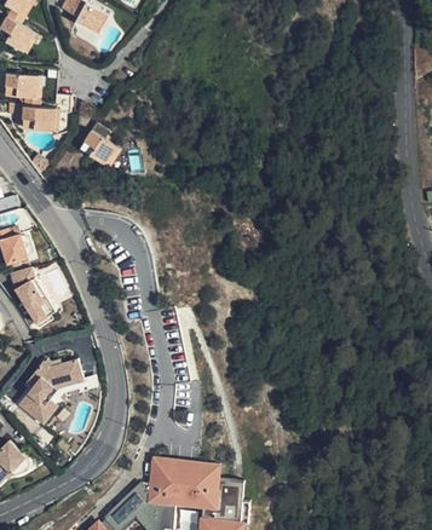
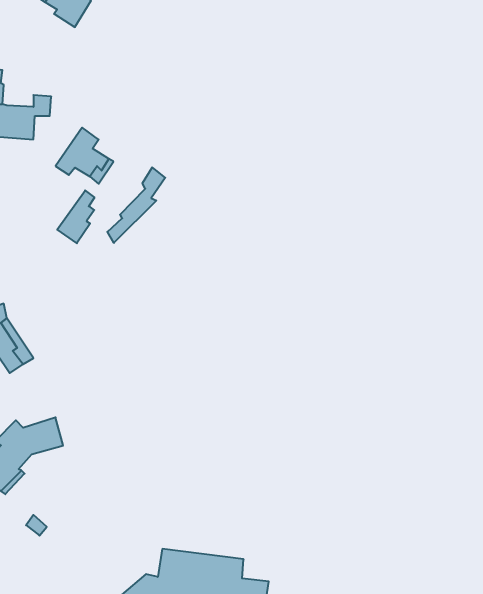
building: none -> [107,167,165,243]
building: none -> [57,190,94,243]

